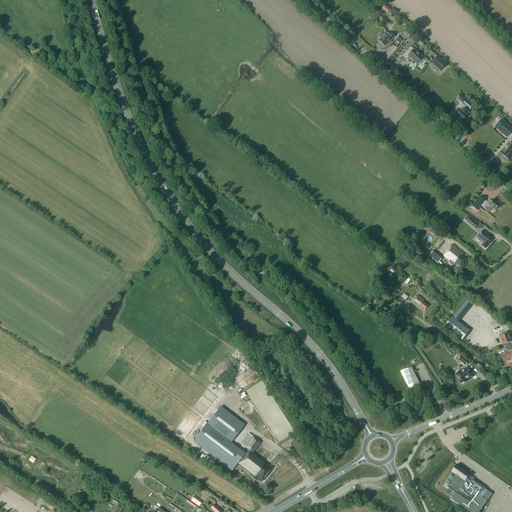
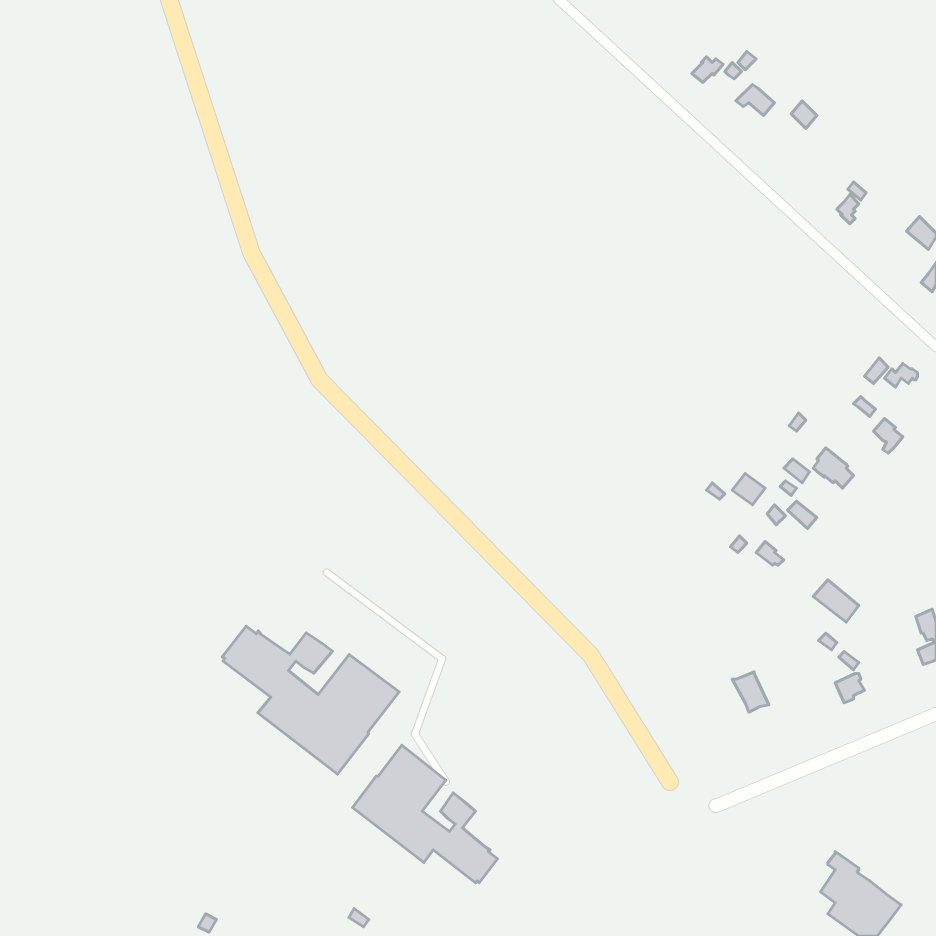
building: none -> [222,626,399,774]

